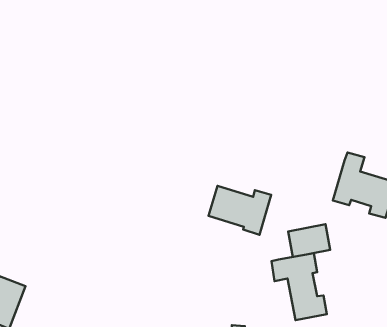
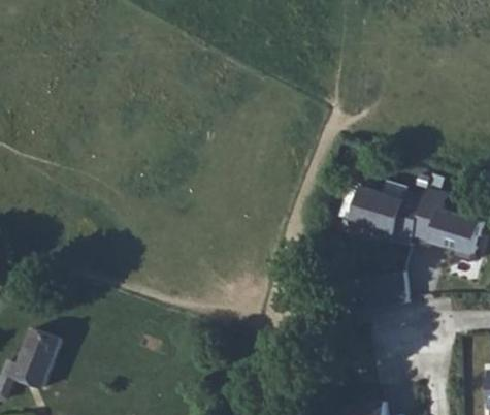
building: [209,186,271,235] -> [353,187,424,243]
building: [271,253,327,320] -> none

